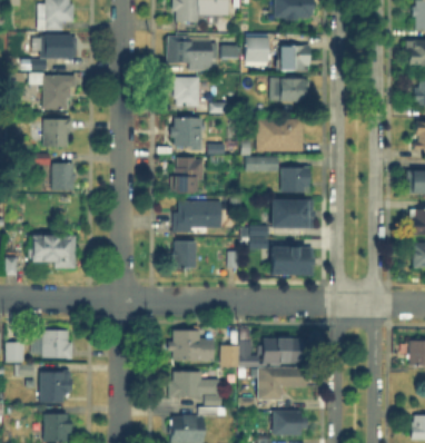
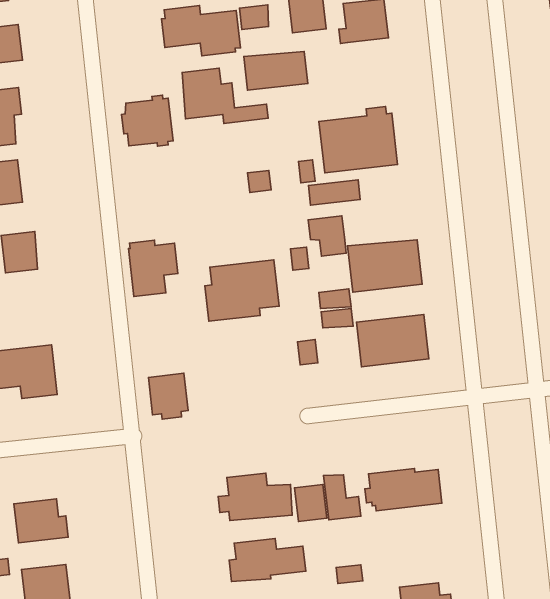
building: [270,79,308,100] -> [244,51,308,90]
building: [171,118,201,149] -> [122,95,173,146]
building: [175,158,204,191] -> [128,240,178,297]
building: [287,168,308,191] -> [308,216,346,256]
building: [174,244,196,270] -> [148,373,188,419]
building: [258,368,305,400] -> none

